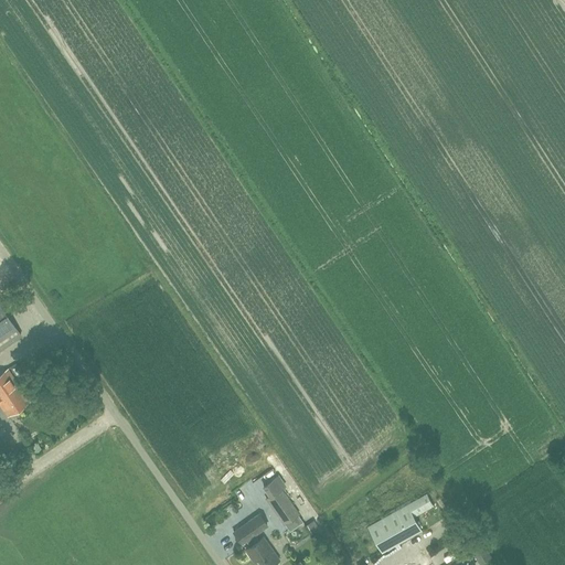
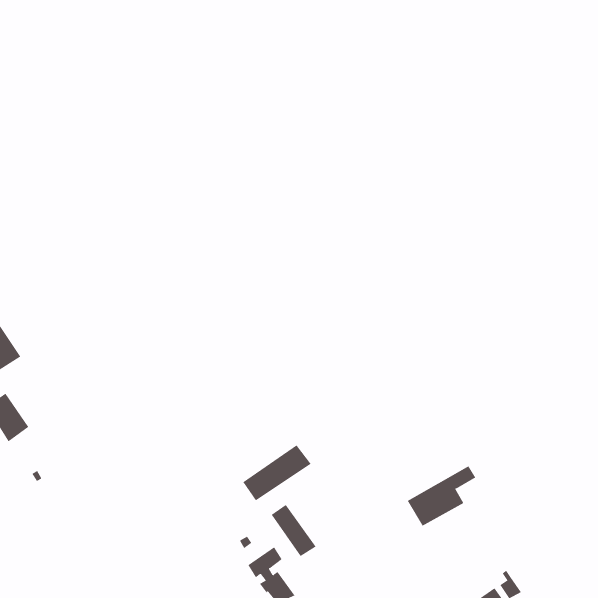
building: none -> [243,444,311,501]
building: [367,495,433,553] -> [407,466,476,527]

